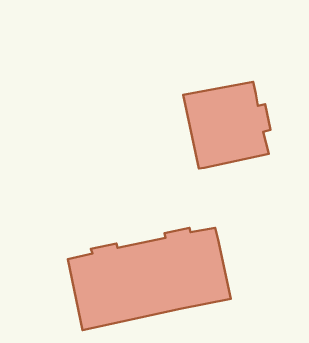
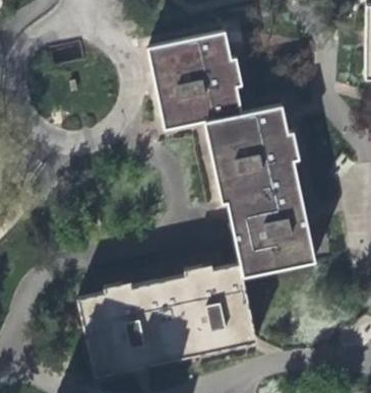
building: none -> [146,28,242,127]
building: none -> [228,183,316,277]

